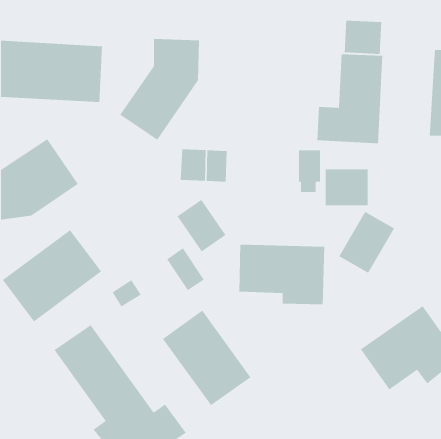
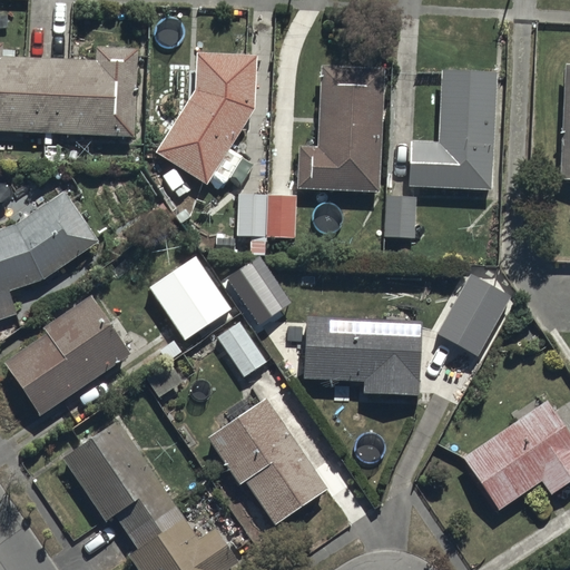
building: [344,20,382,55] -> none
building: none -> [301,63,385,194]
building: [325,168,369,206] -> none
building: none -> [150,259,233,344]

